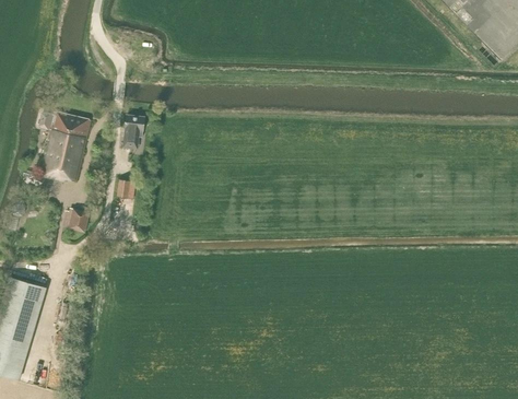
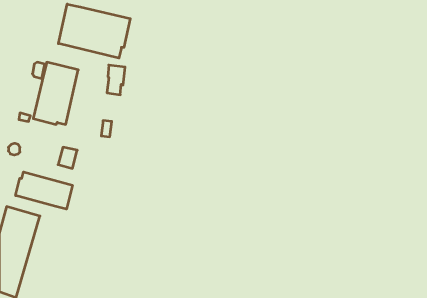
building: none -> [58,4,130,58]
building: none -> [16,172,72,209]

